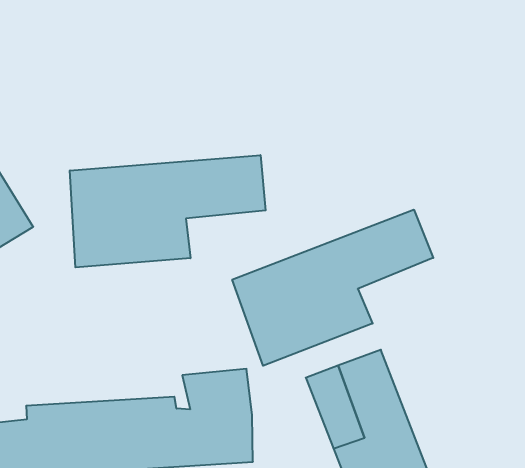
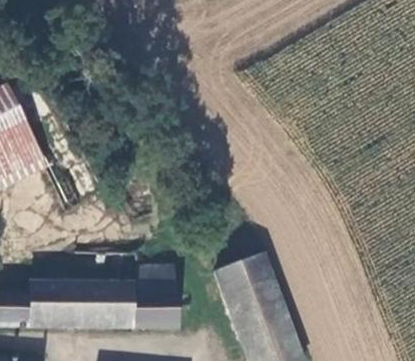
building: [70,155,266,267] -> none
building: [232,210,433,366] -> none

